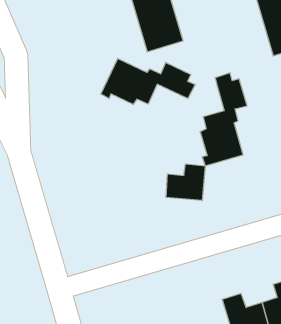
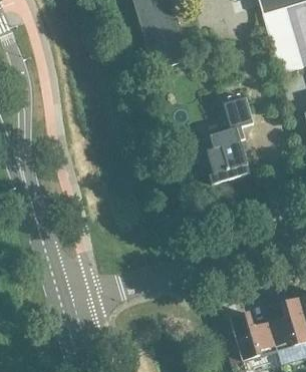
building: [101,58,195,105] -> none
building: [166,164,205,201] -> none

